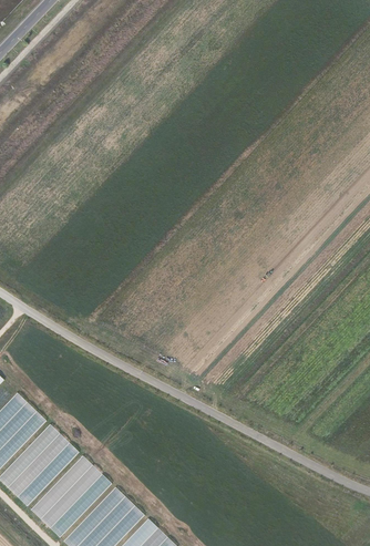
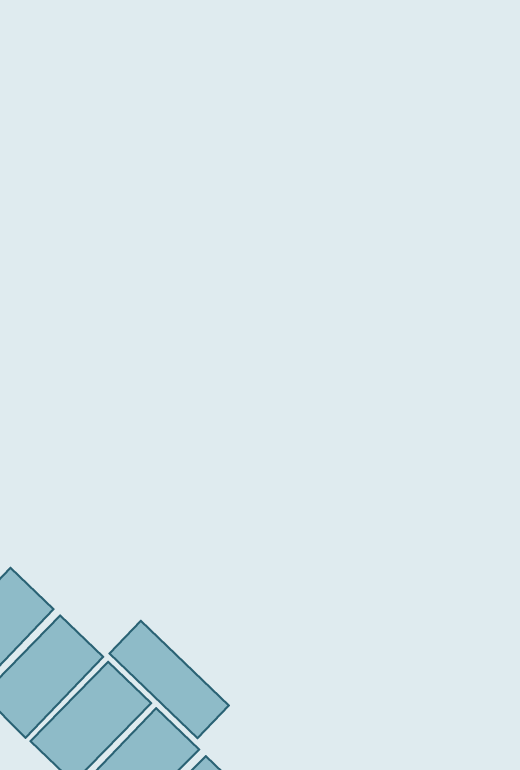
building: none -> [109,621,229,738]

